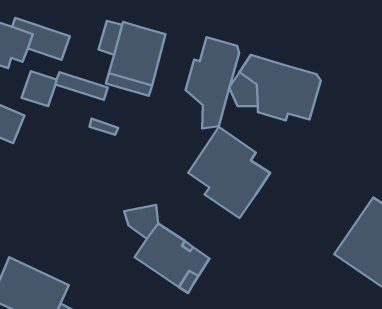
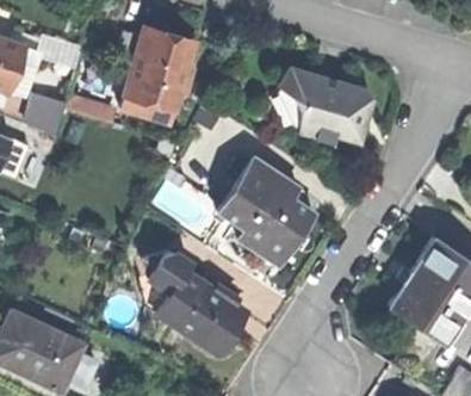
building: [185,37,239,128] -> none

